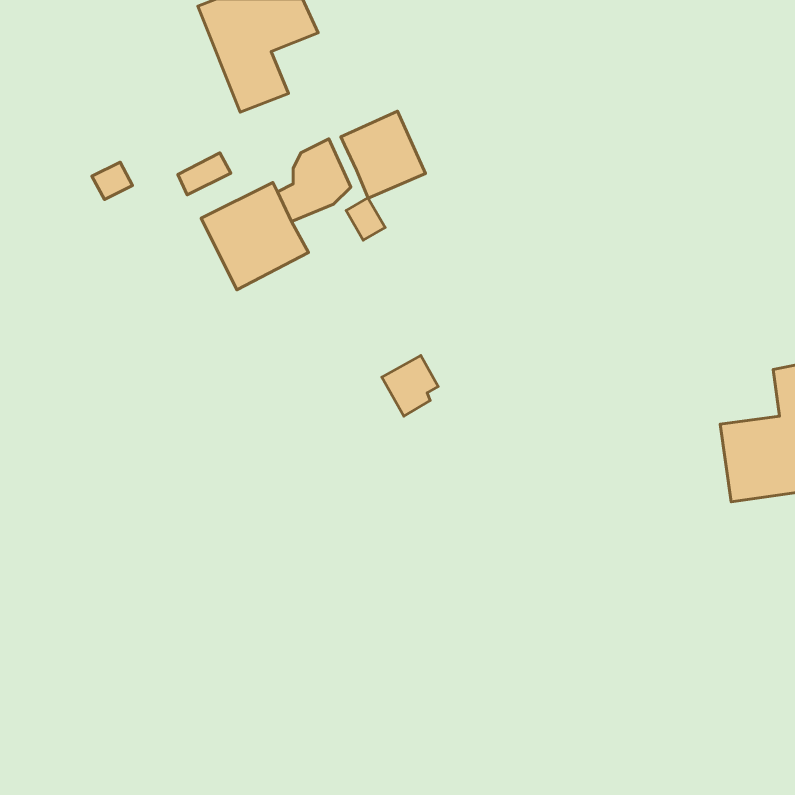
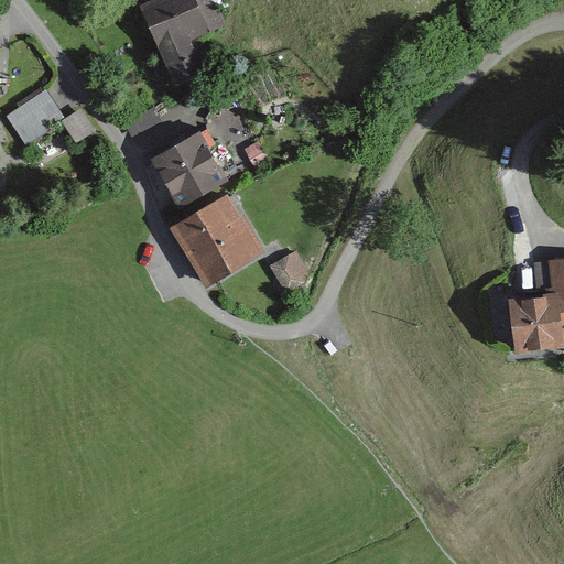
building: [341,111,426,198] -> none
building: none -> [10,91,67,145]
building: none -> [163,193,264,289]

